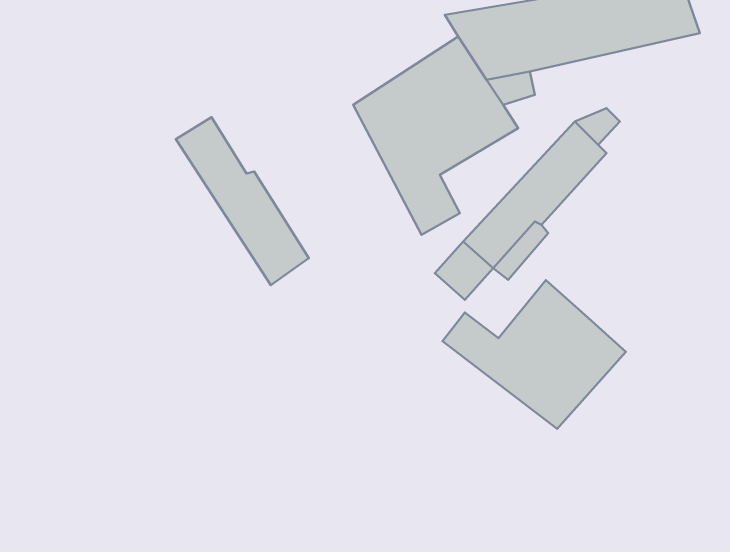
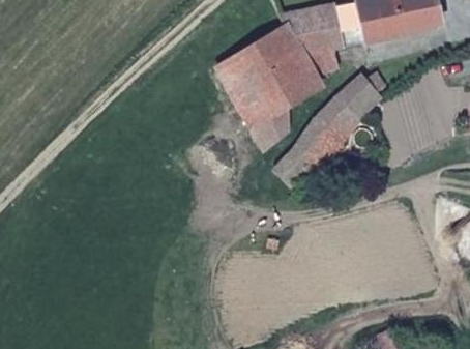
building: [176,117,309,285] -> none
building: [443,280,626,429] -> none

